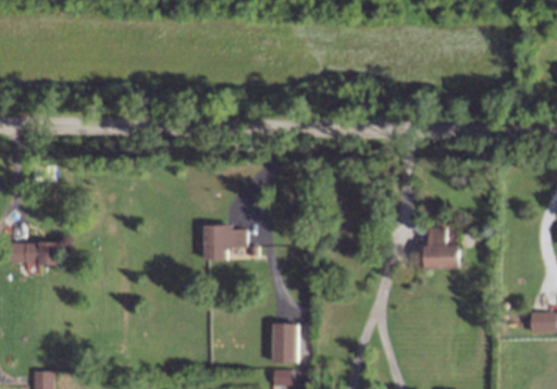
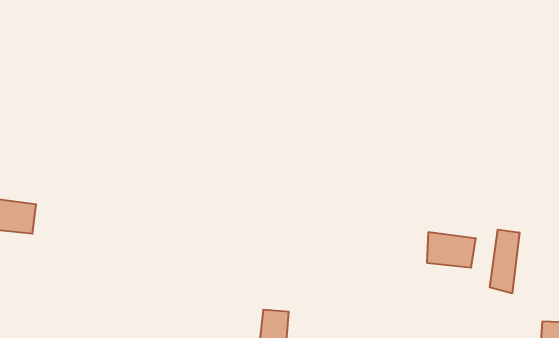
building: [202,226,247,255] -> none
building: none -> [490,230,520,293]

